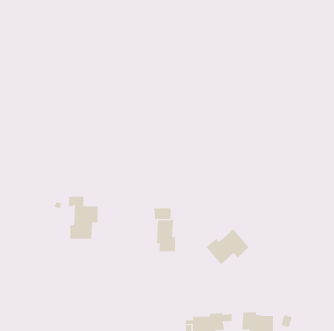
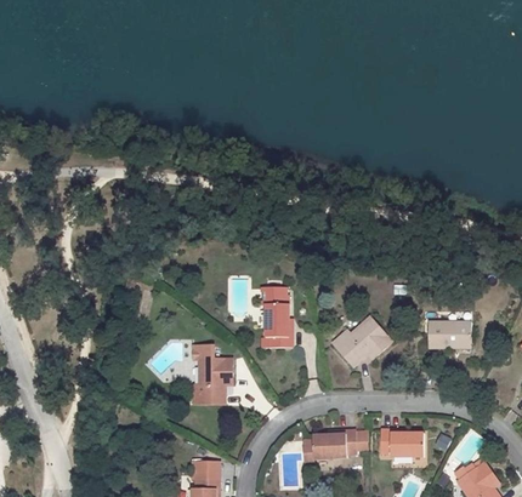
building: [68,196,98,239] -> [191,345,232,404]
building: none -> [427,321,471,347]

